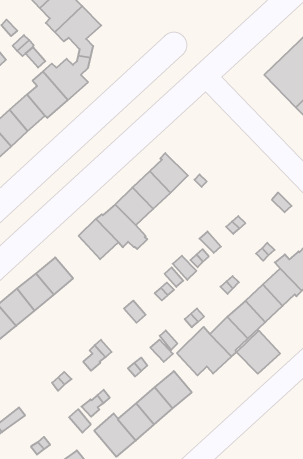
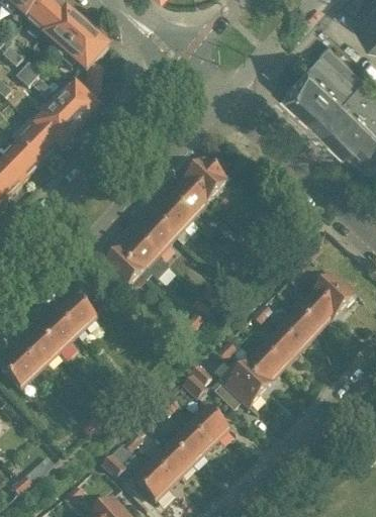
building: none -> [185,158,227,199]
building: [236,331,280,374] -> none

